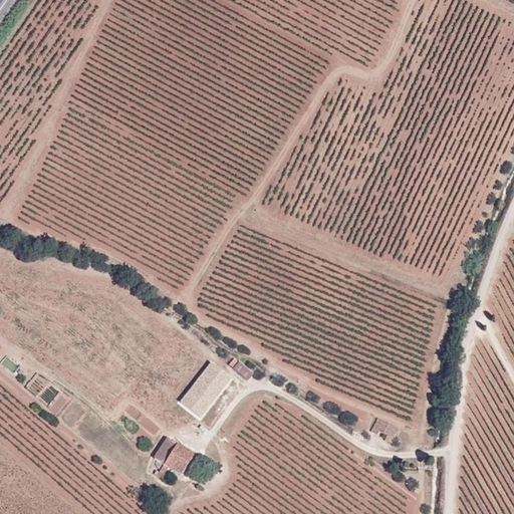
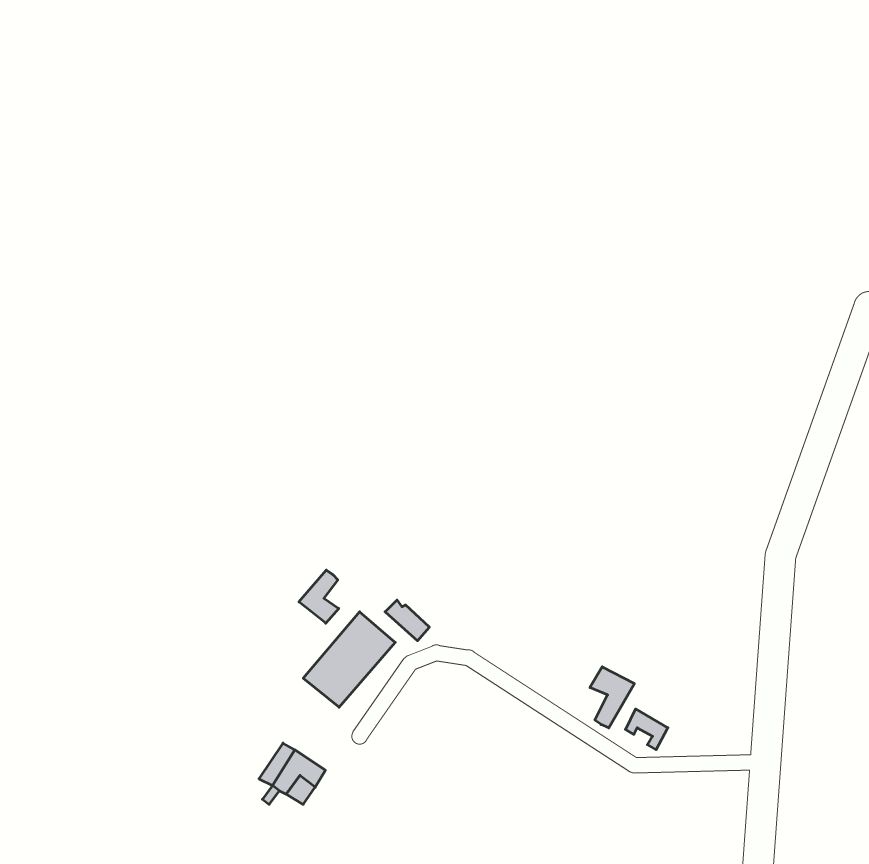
building: none -> [299,570,339,623]
building: none -> [590,667,634,728]

